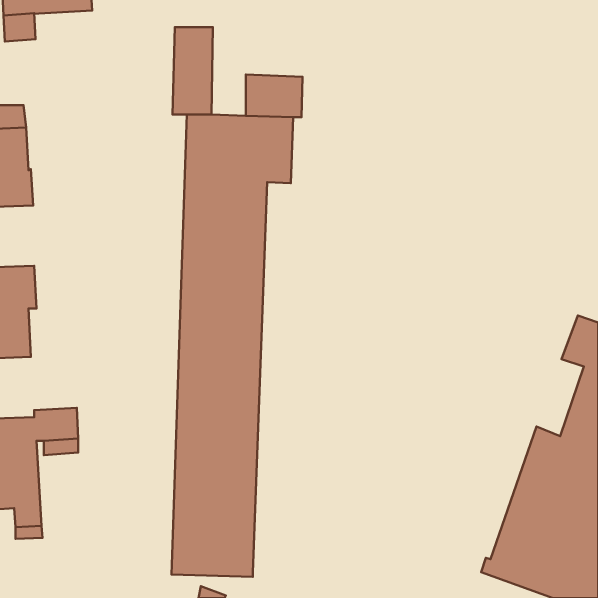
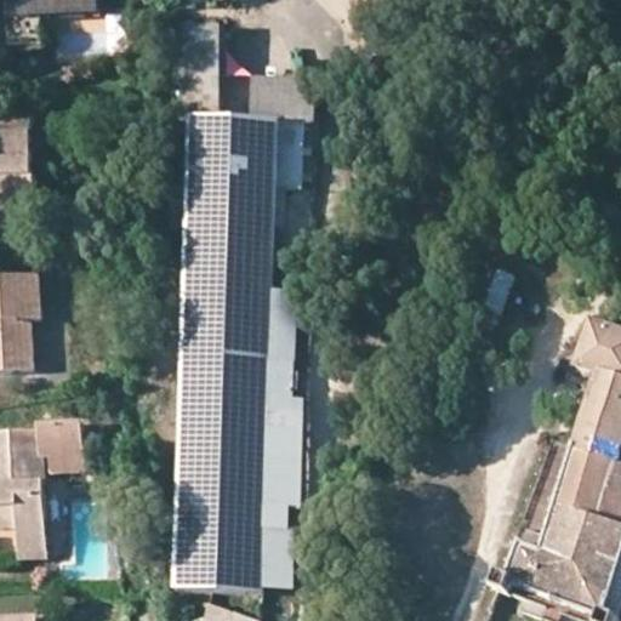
building: none -> [260,290,303,588]

